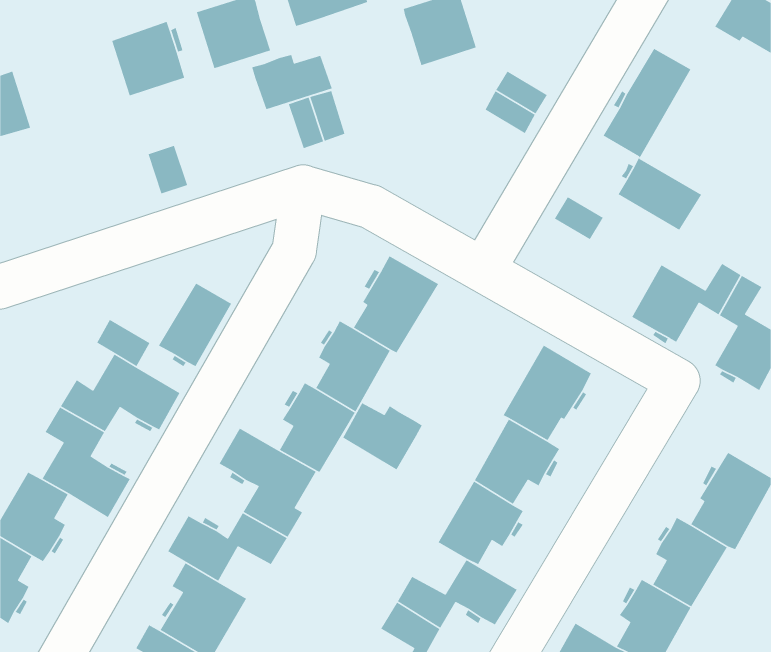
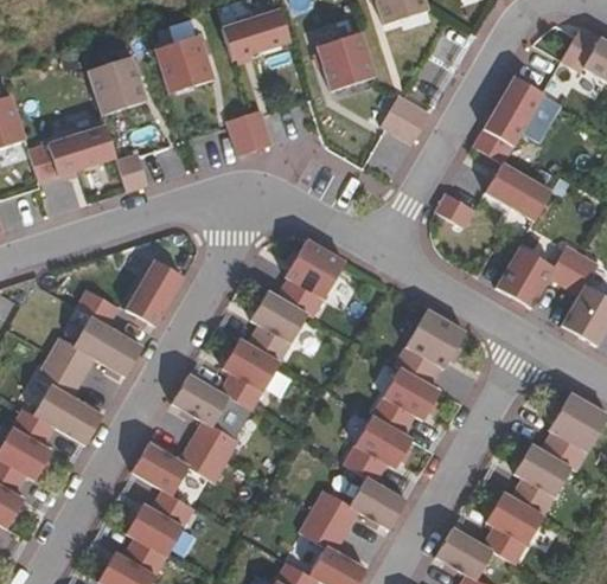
building: [251,54,333,110] -> none
building: none -> [28,124,115,182]
building: [342,402,423,471] -> none

